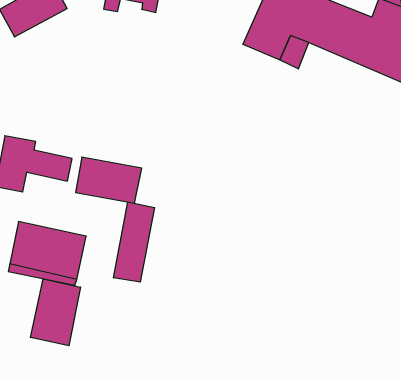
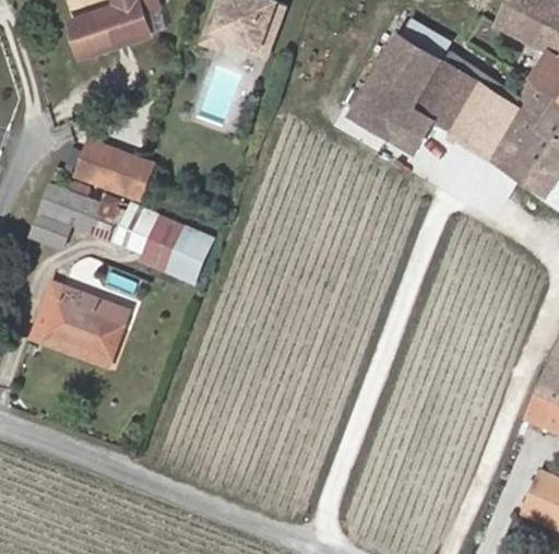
building: none -> [76,141,152,198]
building: [114,202,155,282] -> none
building: [31,279,80,346] -> none

